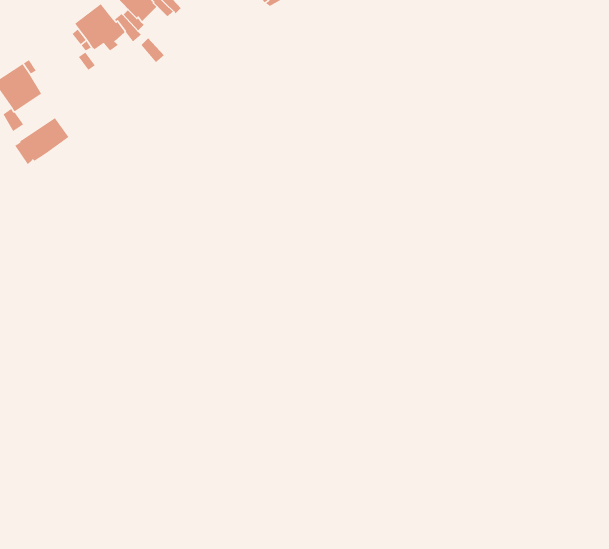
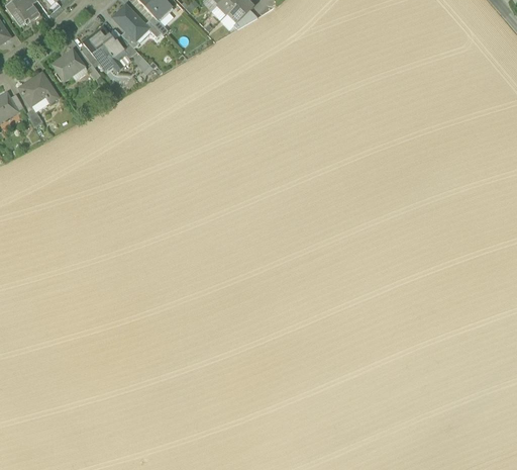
building: none -> [53,48,85,79]
building: [14,117,70,165] -> none

